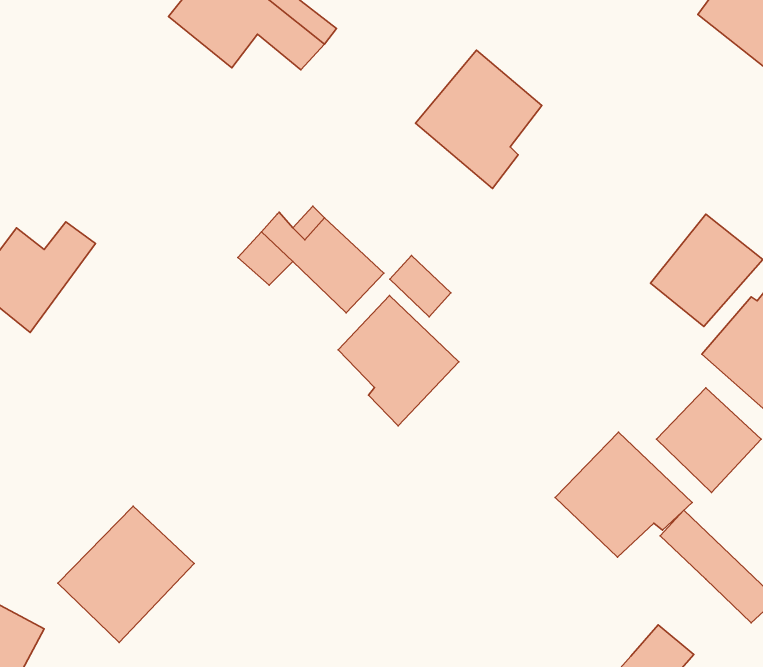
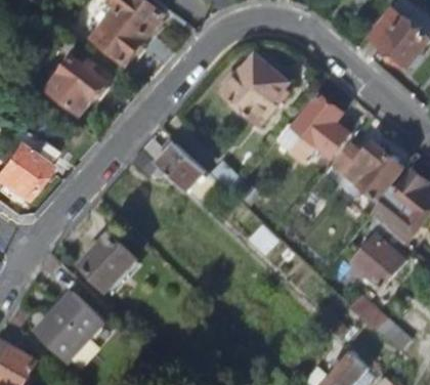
building: none -> [44,58,104,118]
building: none -> [292,90,347,156]
building: [338,296,459,426] -> none
building: none -> [79,236,134,291]
building: [555,432,692,557] -> none

